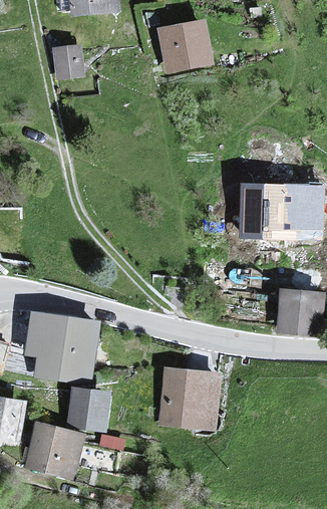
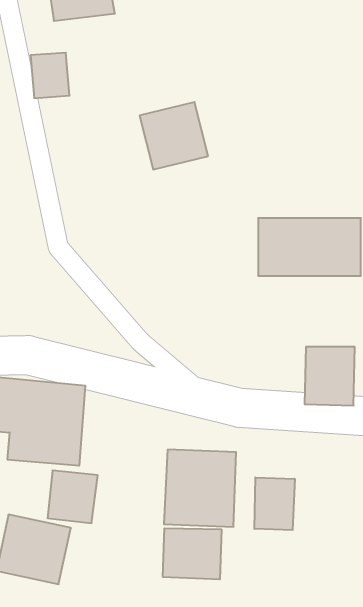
building: [155,17,212,72] -> [140,102,208,169]
building: none -> [254,477,295,530]
building: none -> [163,528,221,579]

